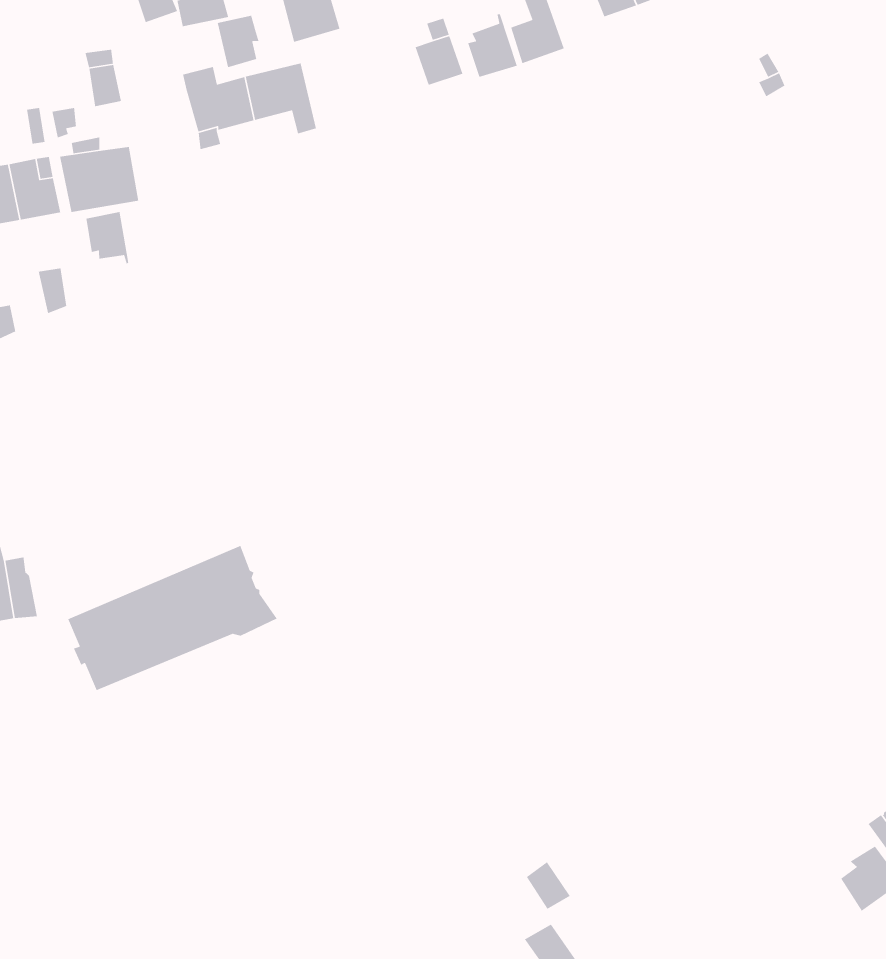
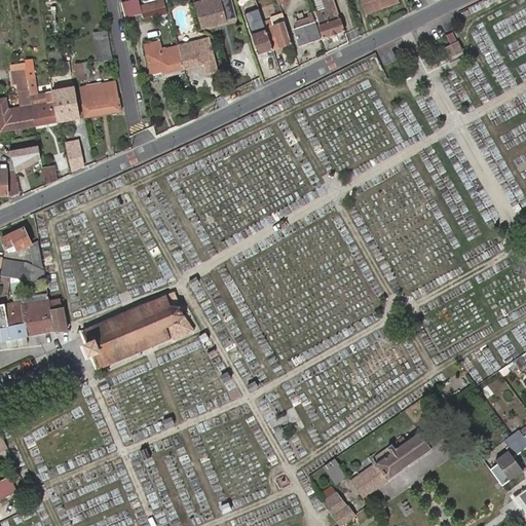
building: none -> [243,11,272,55]
building: [217,15,260,68] -> none
building: [85,211,129,265] -> none
building: none -> [350,431,429,497]

